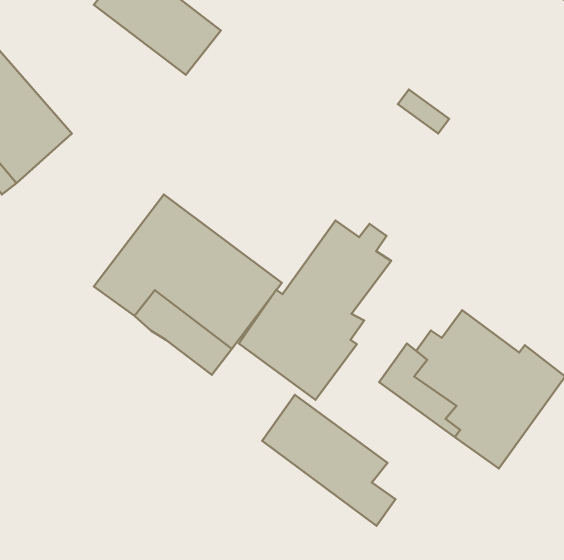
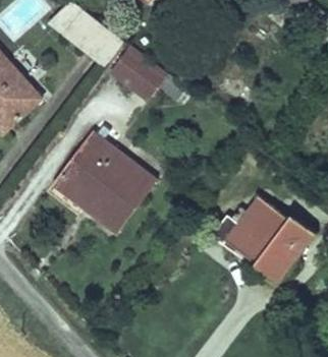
building: none -> [110,45,186,100]
building: [239,220,391,400] -> none
building: [262,395,396,526] -> none

